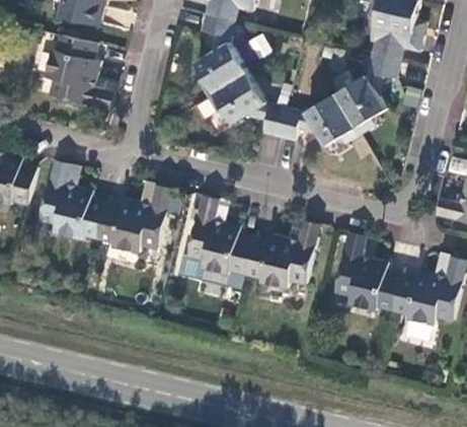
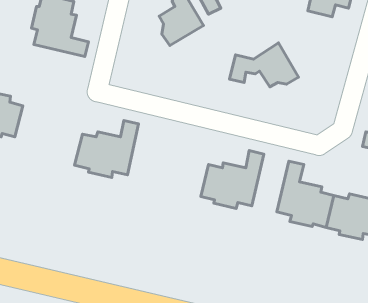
building: [336,56,399,134] -> none
building: [209,73,286,136] -> none
building: [41,160,106,238] -> none
building: [187,196,254,274] -> none

